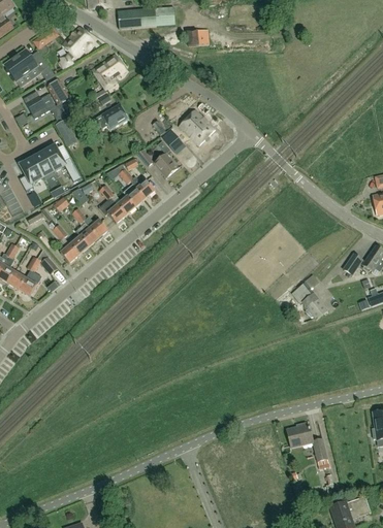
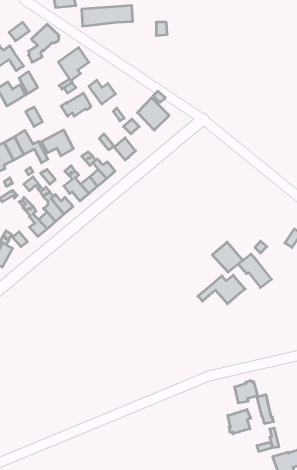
building: none -> [89,80,116,104]
building: none -> [41,130,73,156]
building: none -> [212,242,243,272]
building: none -> [198,275,245,304]
building: none -> [228,409,251,434]

